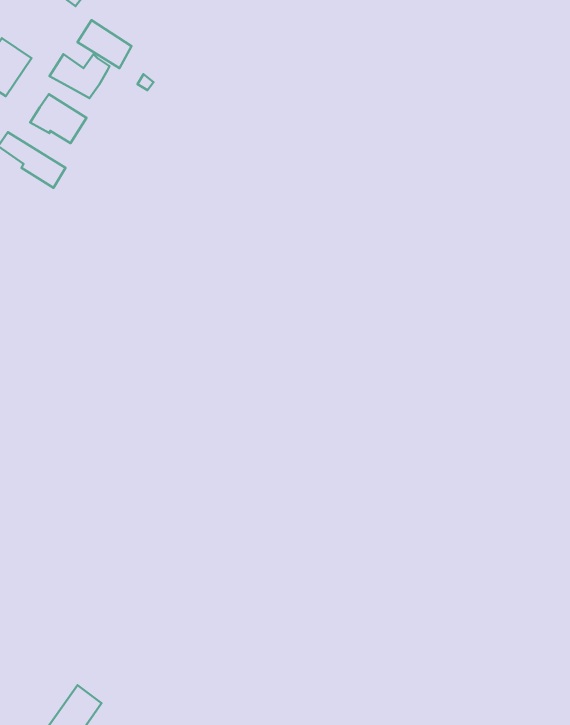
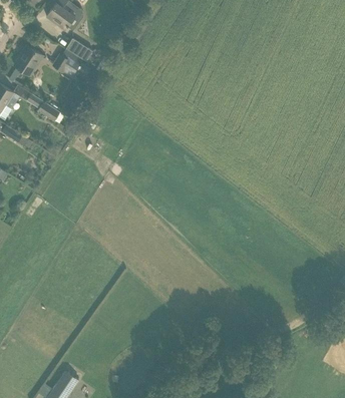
building: [30,94,87,143] -> none

